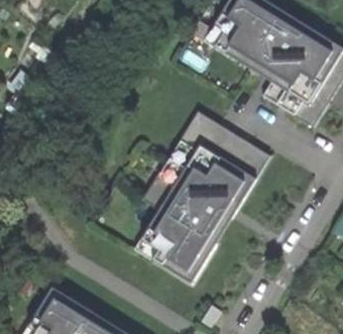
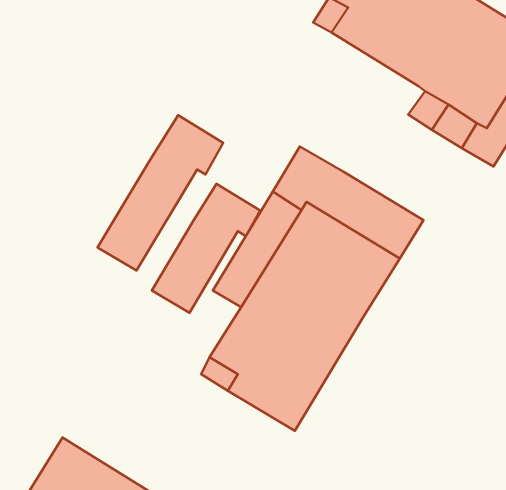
building: none -> [98,115,223,271]
building: none -> [152,184,260,313]

